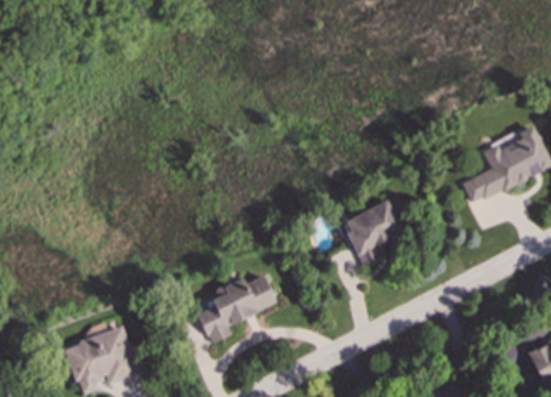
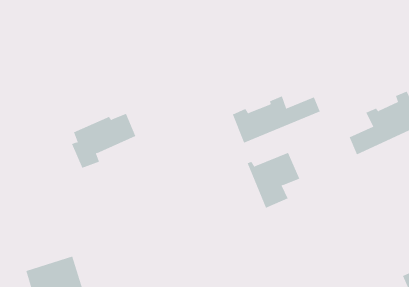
building: none -> [232,96,321,143]
building: [195,276,276,344] -> [71,113,136,169]

